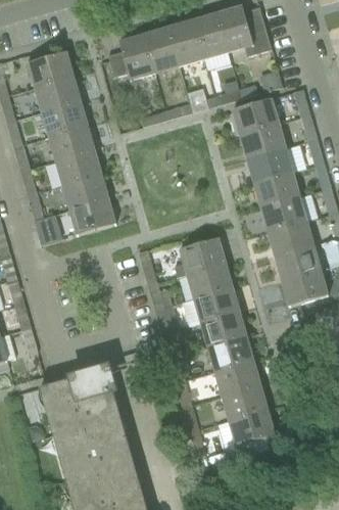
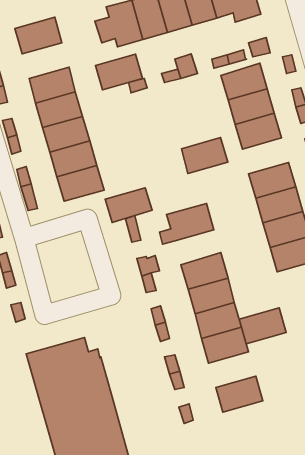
building: [35,77,82,112] -> [95,54,143,90]
building: [254,172,300,207] -> [182,138,228,173]
building: [186,264,233,298] -> [105,188,152,223]
building: [221,385,268,421] -> [239,308,286,344]

